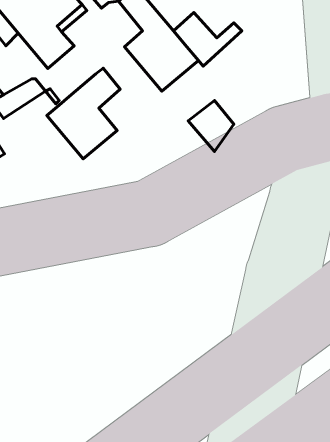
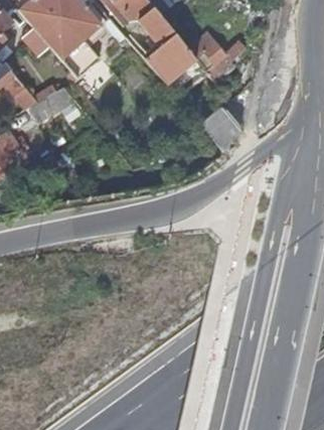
building: [47,68,120,159] -> none

